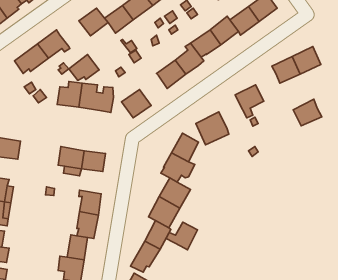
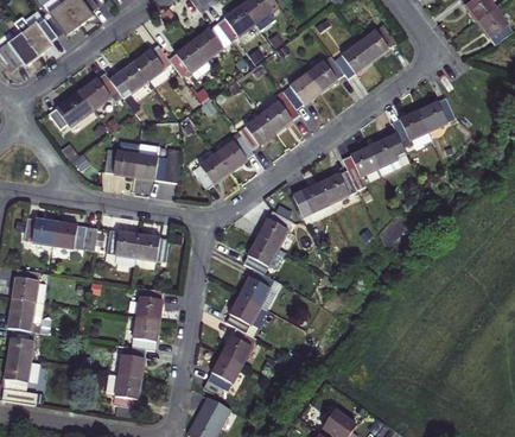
building: [69,55,99,81] -> [108,61,148,95]
building: none -> [214,133,253,173]
building: [293,99,322,126] -> [368,132,406,167]
building: none -> [319,169,356,204]
building: none -> [52,221,97,251]
building: [166,222,198,250] -> none

